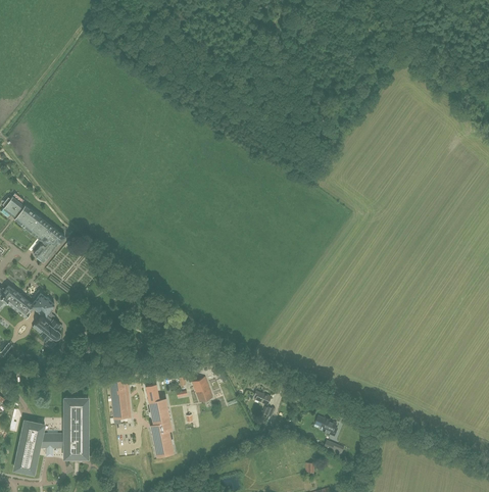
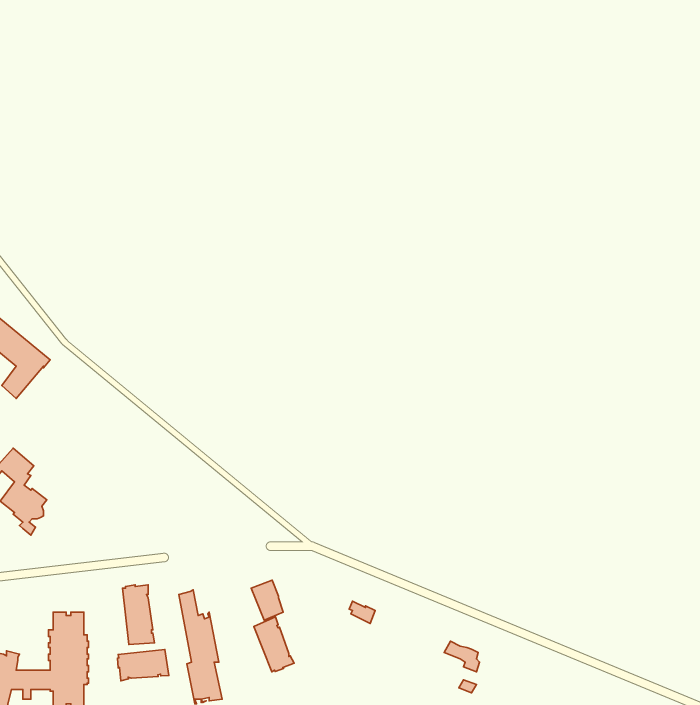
building: none -> [254,617,294,672]
building: none -> [117,649,169,681]

